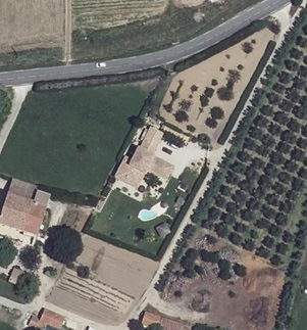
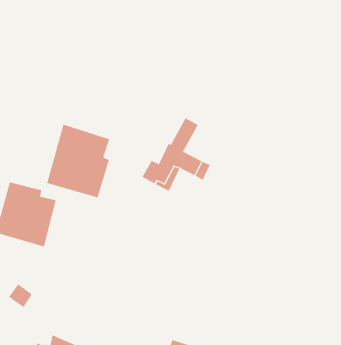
building: none -> [46,124,110,198]

